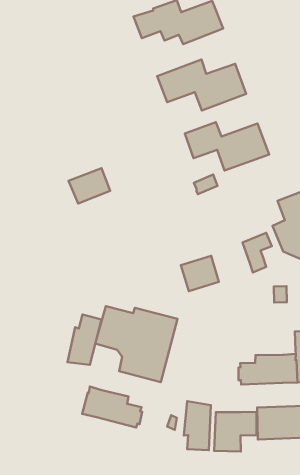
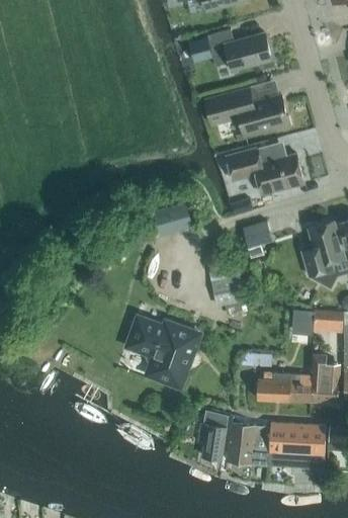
building: [69,168,110,203] -> [153,203,191,235]
building: [243,233,272,272] -> [243,222,270,258]
building: [68,315,102,365] -> none
building: [82,386,142,428] -> none

